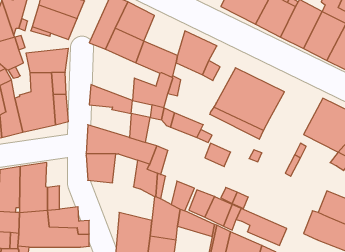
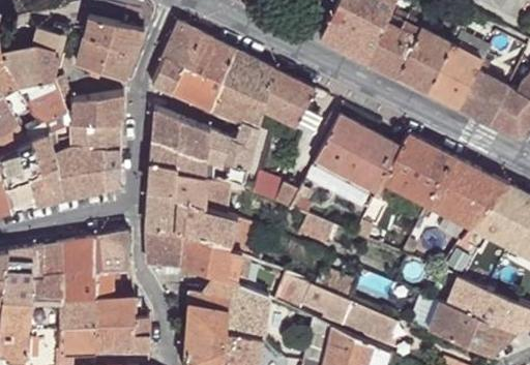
building: none -> [220,50,273,101]
building: none -> [152,109,208,159]
building: none -> [383,134,451,203]
building: none -> [148,164,204,207]
building: none -> [180,227,212,271]
building: none -> [94,233,130,271]
building: none -> [188,273,234,313]

